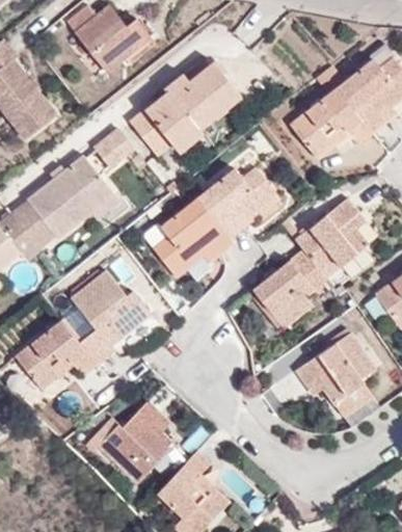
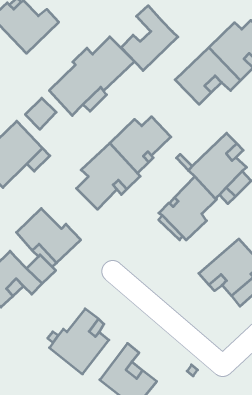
building: none -> [121,6,178,71]

